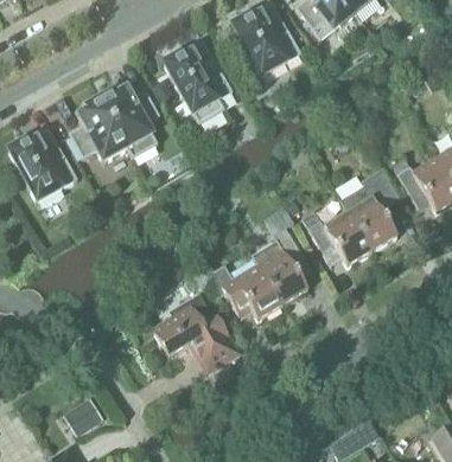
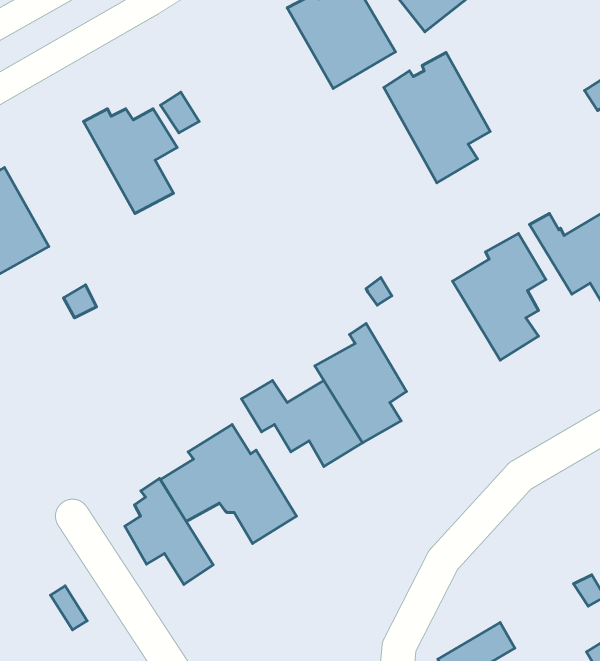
building: [165,40,234,124] -> [384,53,490,183]
building: [70,97,134,160] -> none
building: [300,200,370,267] -> none
building: none -> [125,479,213,585]

